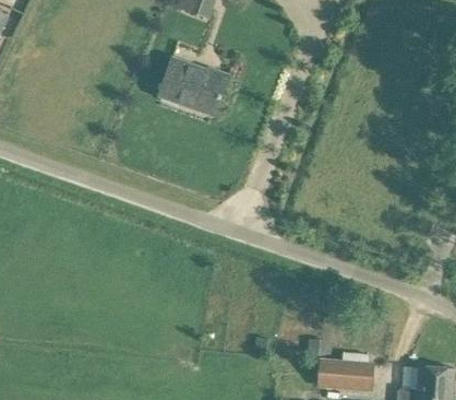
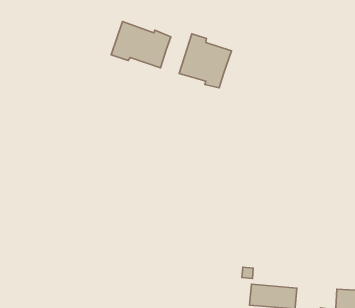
building: none -> [179,34,232,88]

